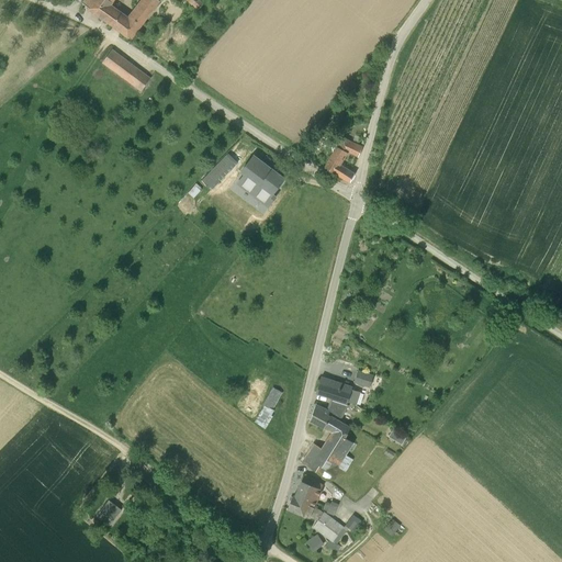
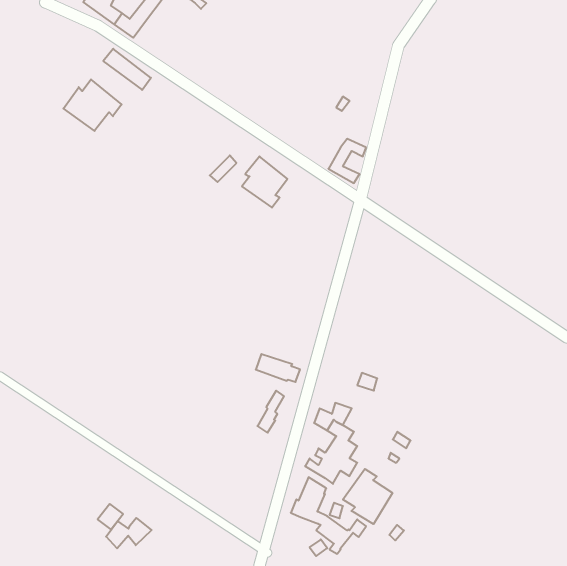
building: none -> [63,79,122,131]
building: [316,375,360,403] -> [256,354,300,382]
building: none -> [343,469,392,524]
building: none -> [106,518,152,548]

